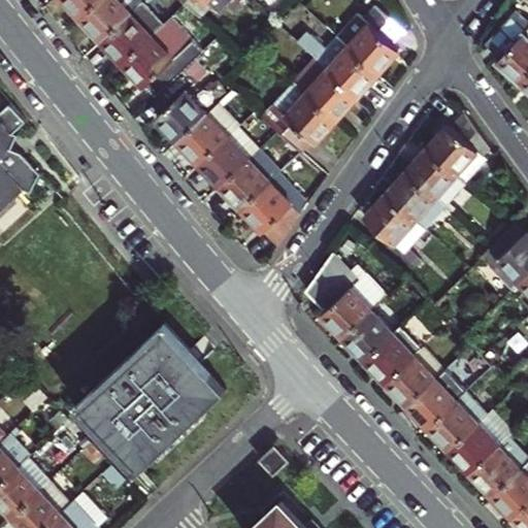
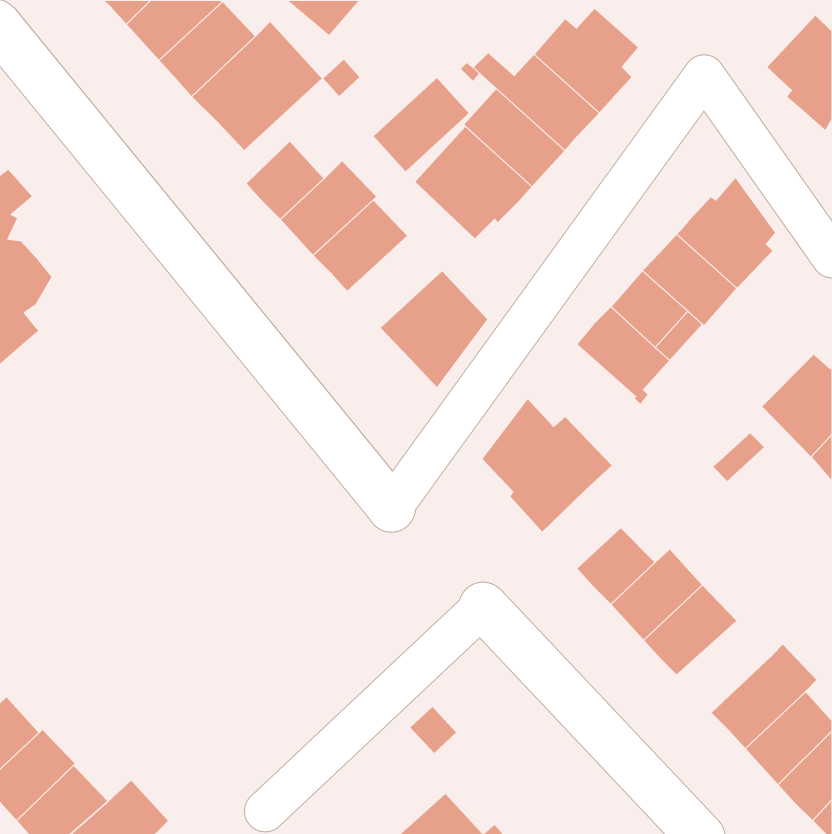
building: [219,148,279,208] -> [373,77,469,172]
building: [341,310,391,360] -> none
building: [76,324,227,473] -> none
building: [426,392,486,451] -> none

